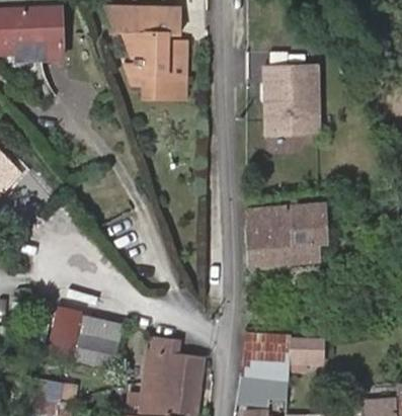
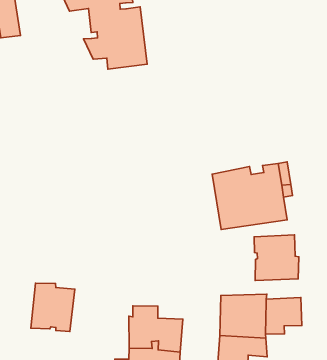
building: [263,65,315,132] -> none
building: none -> [254,235,299,280]
building: [90,316,123,363] -> none

